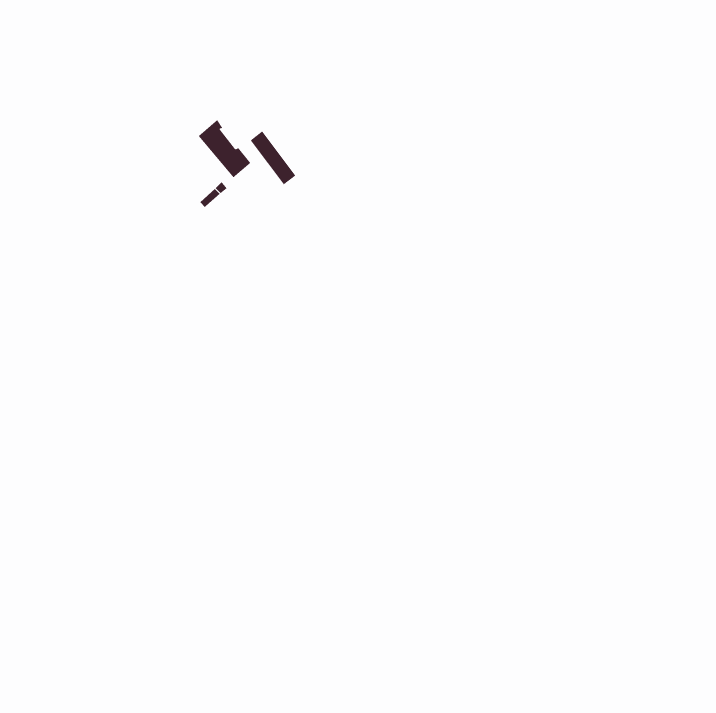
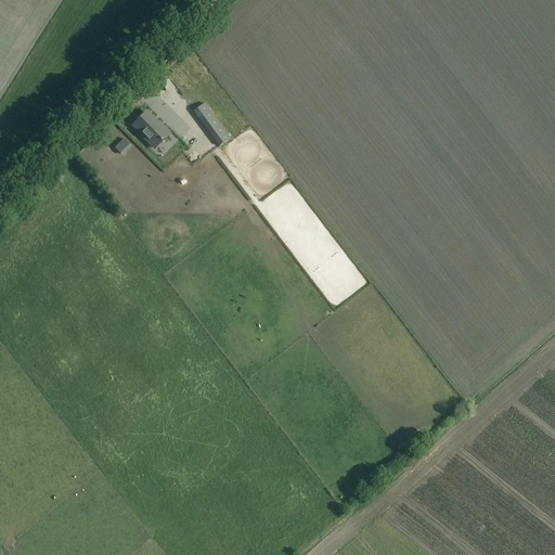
building: none -> [133,113,169,146]

